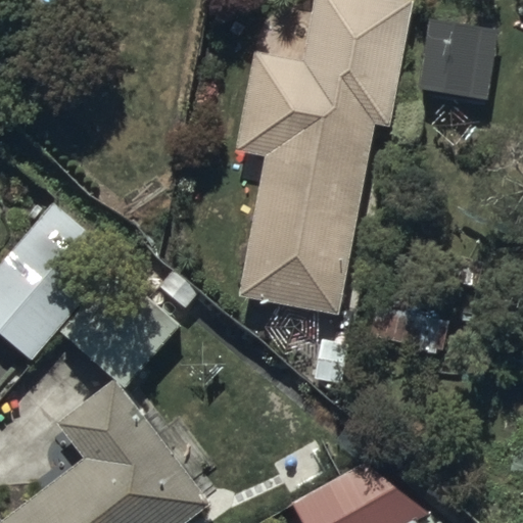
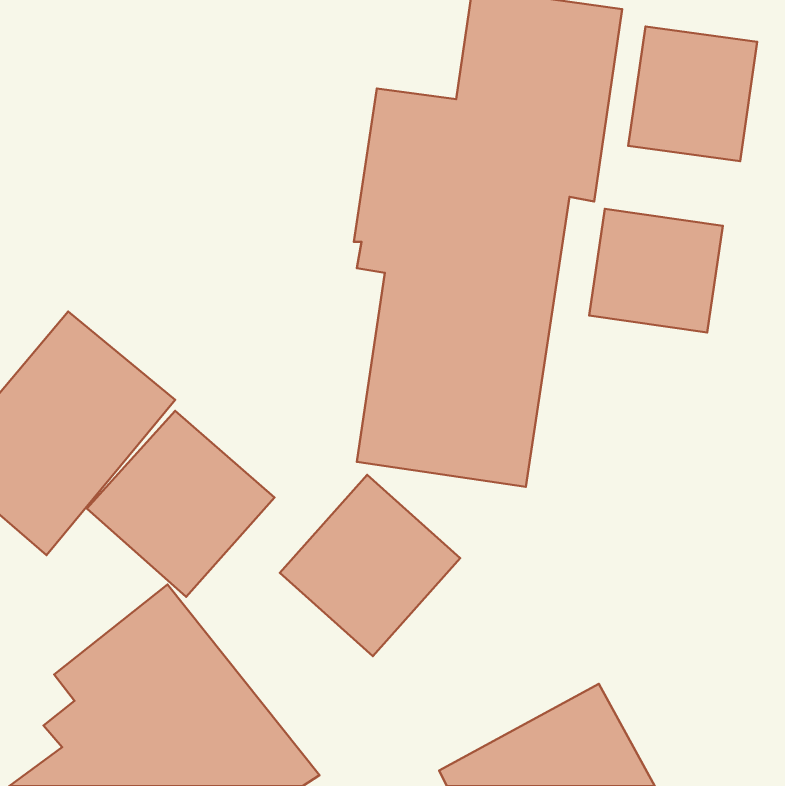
building: none -> [589,209,723,332]
building: none -> [280,475,460,656]

